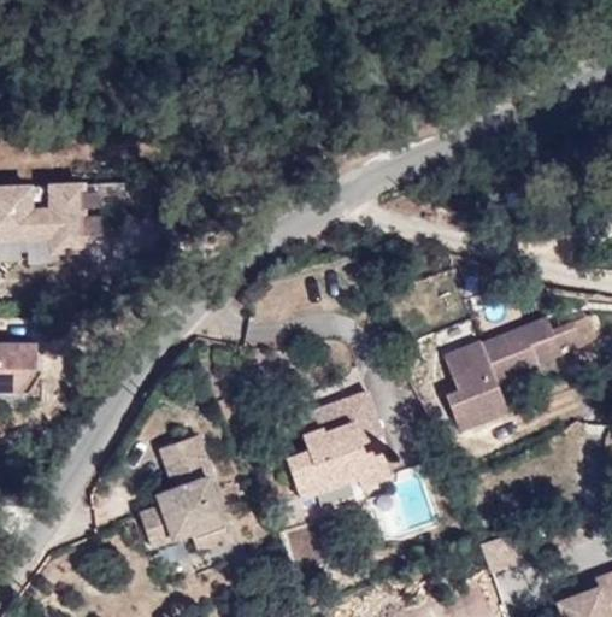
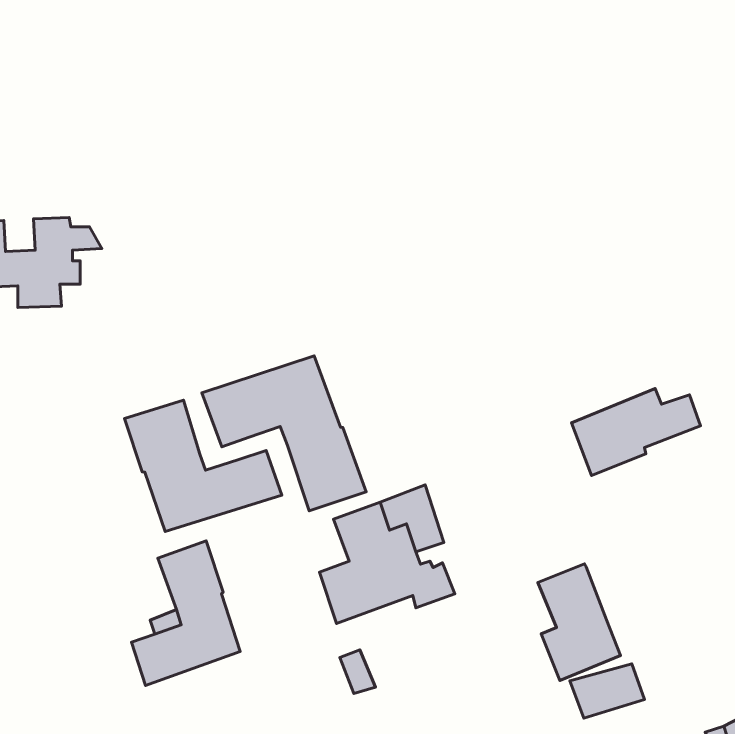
building: none -> [202,356,366,511]
building: none -> [125,400,282,531]
building: [443,340,507,430] -> [538,564,620,680]

